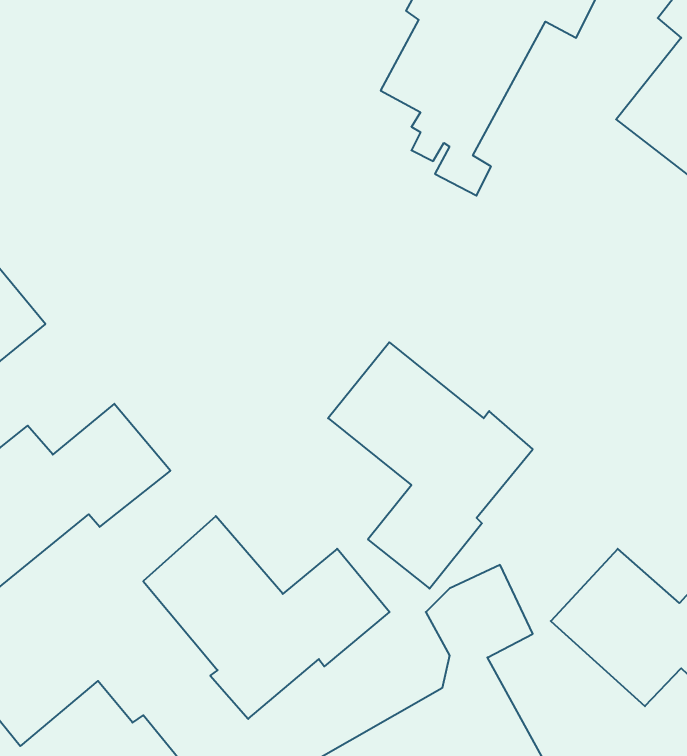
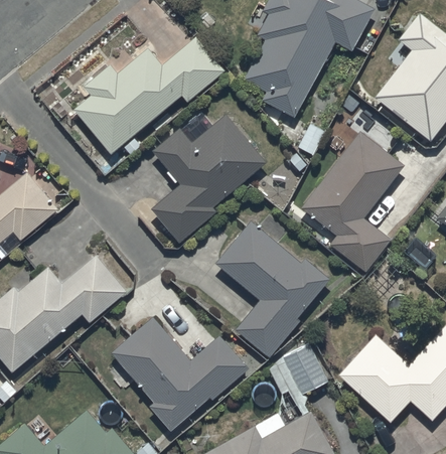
building: none -> [73,36,226,156]
building: none -> [150,116,266,244]
building: none -> [300,132,404,273]

